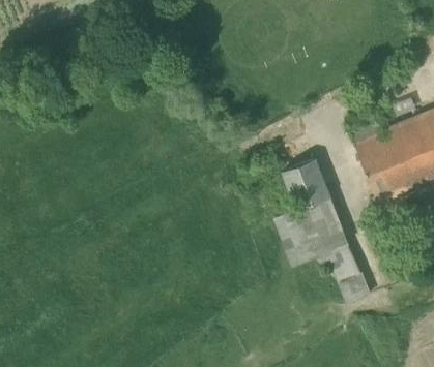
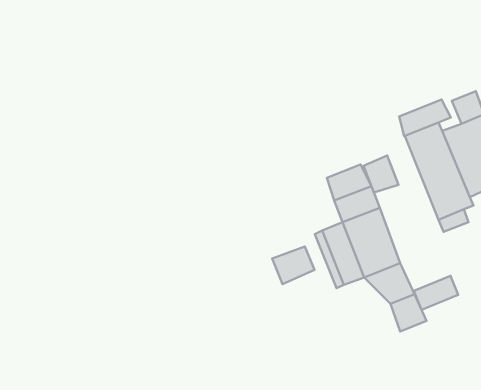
building: none -> [399,100,451,136]
building: none -> [364,155,398,192]
building: none -> [272,247,314,284]
building: none -> [414,276,458,310]

